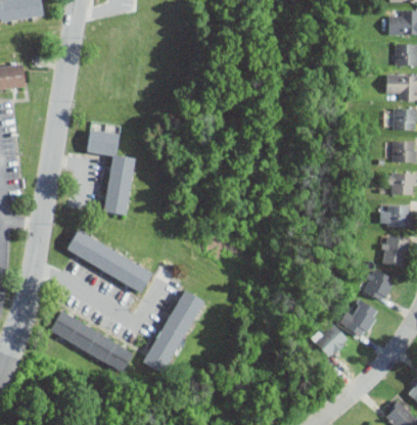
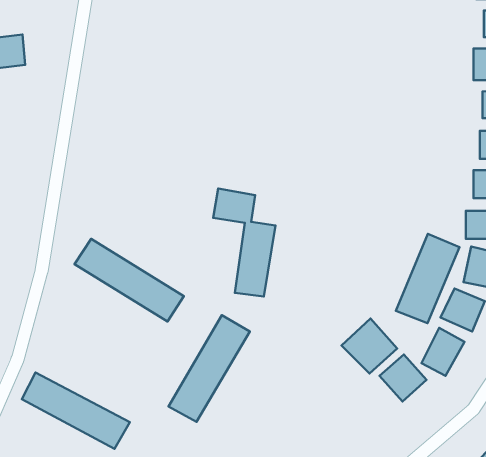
building: [86,129,136,216] -> [213,189,275,297]
building: none -> [396,234,459,323]
building: none -> [342,319,397,374]
building: [48,312,135,373] -> [22,373,130,449]

